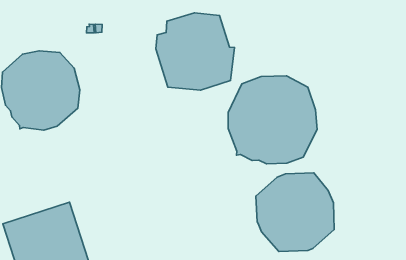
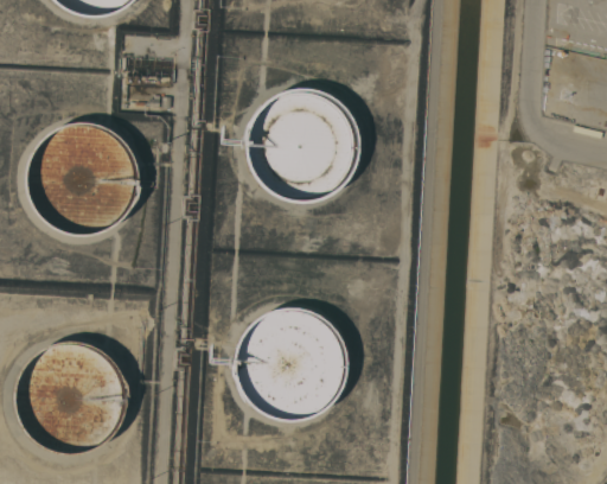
building: [228,76,317,164] -> none
building: [256,173,334,252] -> [244,305,352,414]

